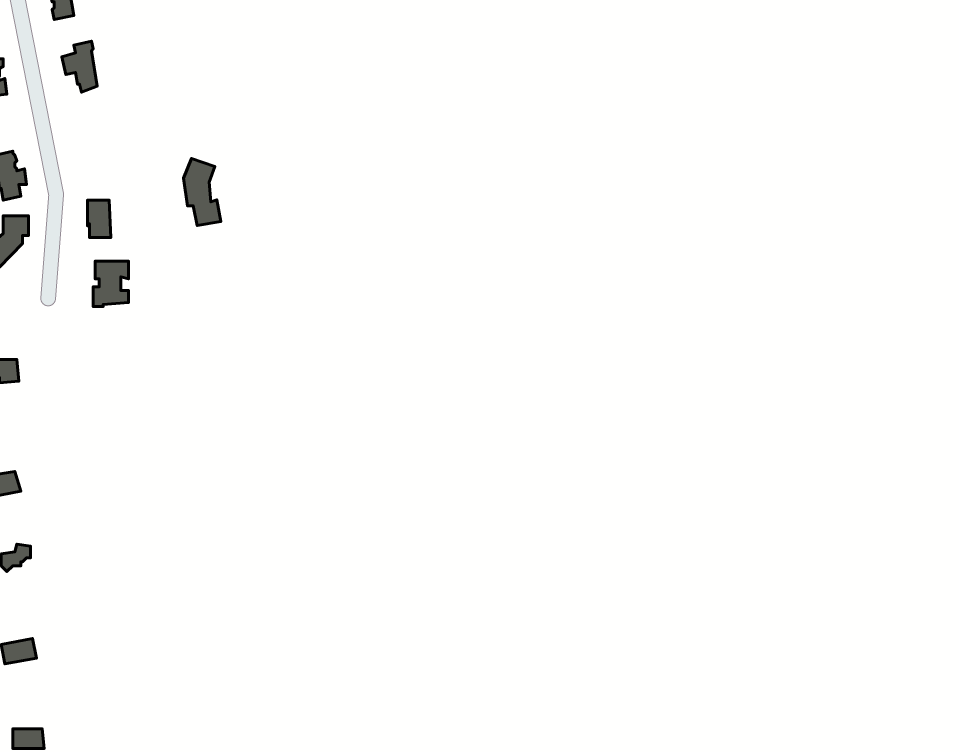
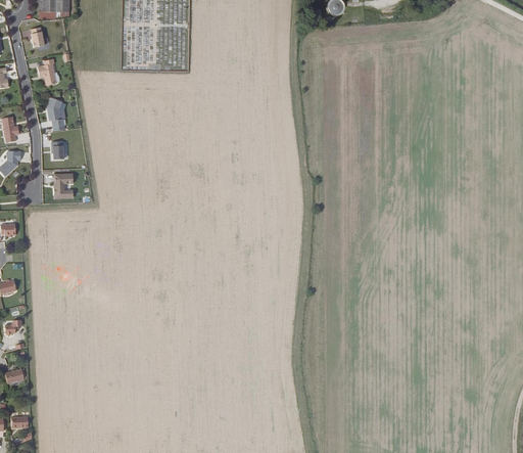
building: [183,159,221,225] -> [46,97,65,132]

